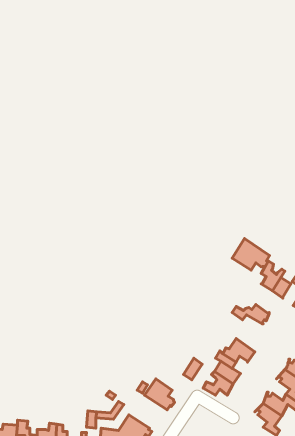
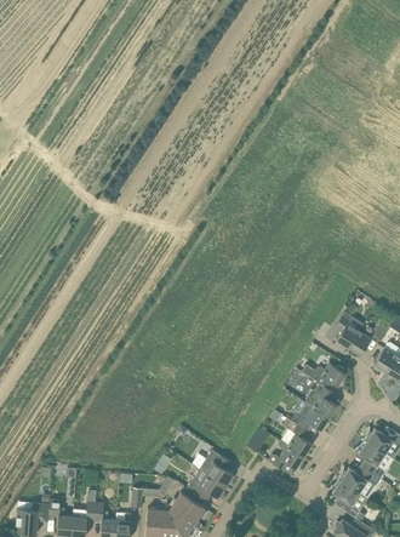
building: [232,238,270,270] -> none
building: none -> [305,383,337,418]
building: none -> [187,469,225,502]

